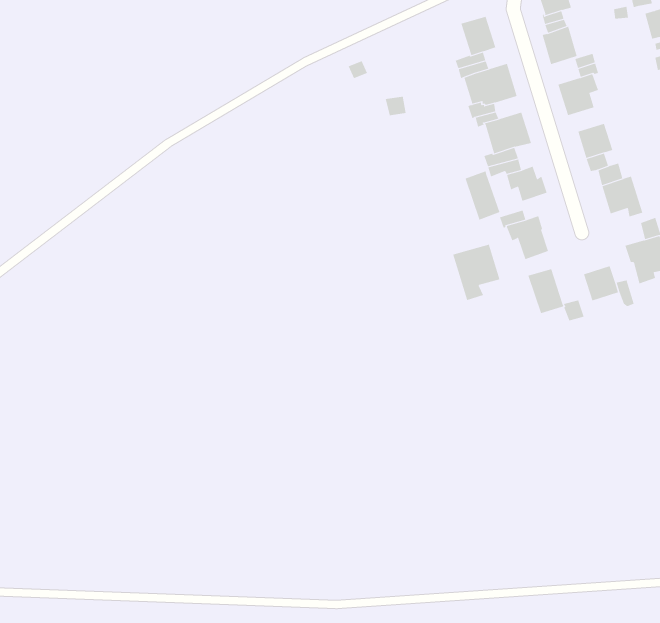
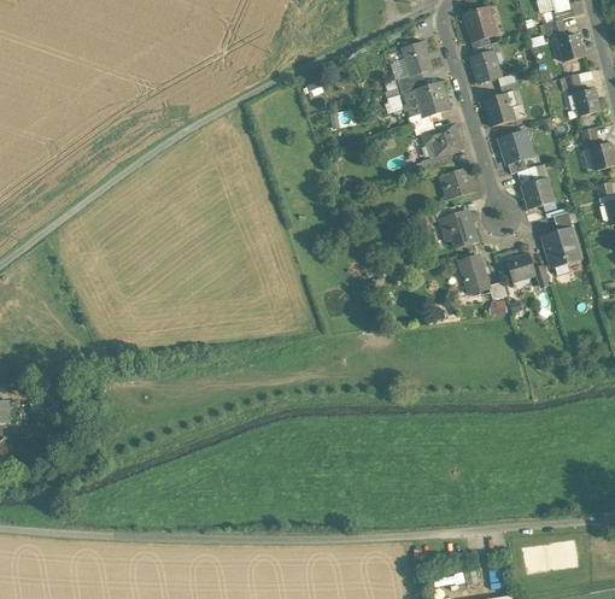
building: [465,170,500,221] -> none
building: [452,244,500,301] -> none

